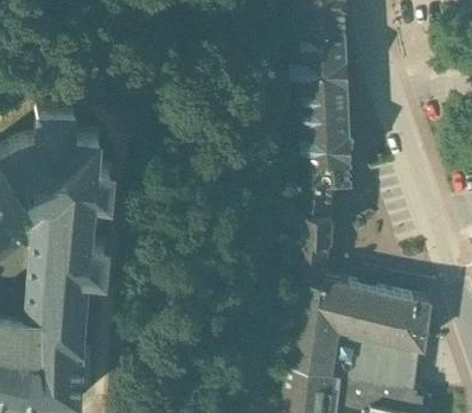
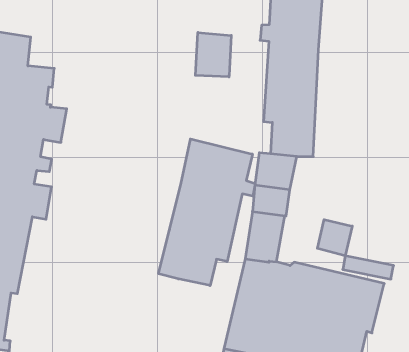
building: none -> [195,32,231,77]
building: none -> [159,139,255,286]
building: none -> [317,220,352,256]

